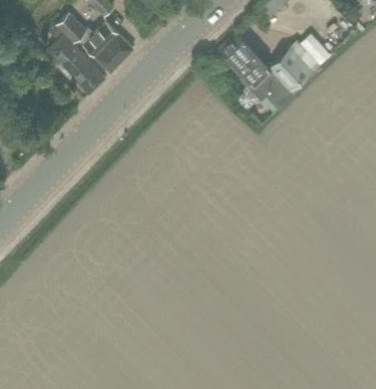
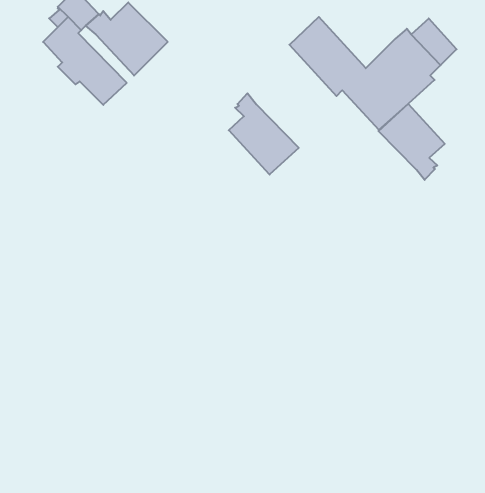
building: none -> [229,93,299,175]
building: none -> [378,104,445,180]

